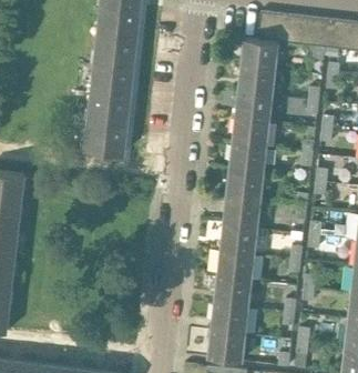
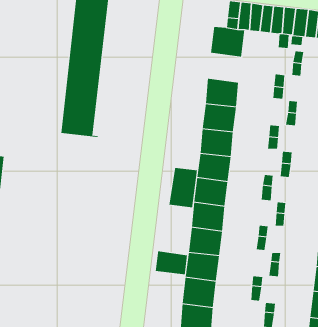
building: [237,67,274,98] -> none
building: none -> [169,167,197,208]
building: none -> [155,251,188,275]

